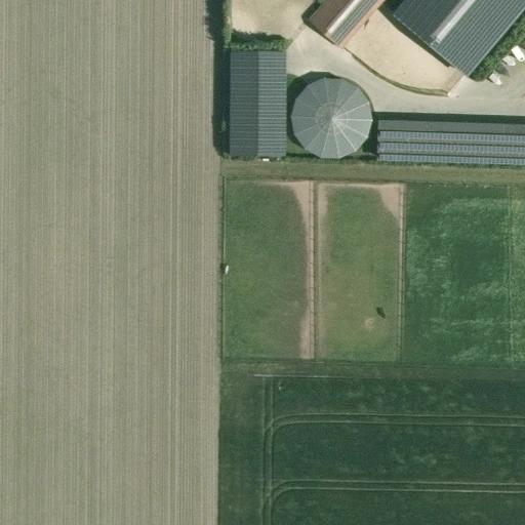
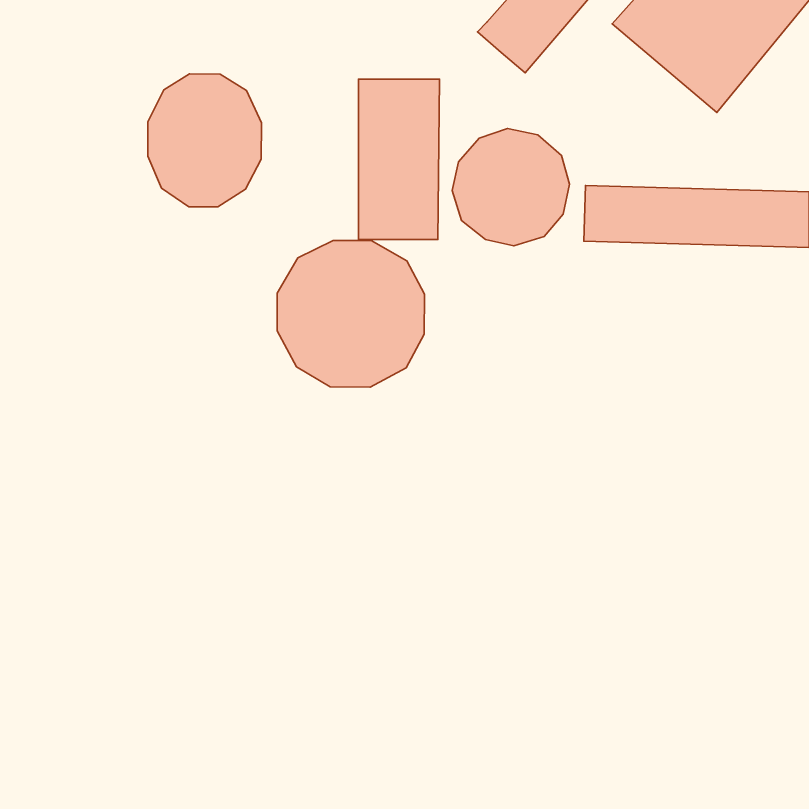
building: none -> [148,74,261,207]
building: none -> [277,240,425,387]

